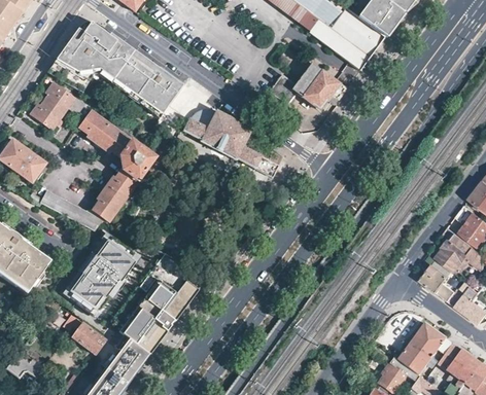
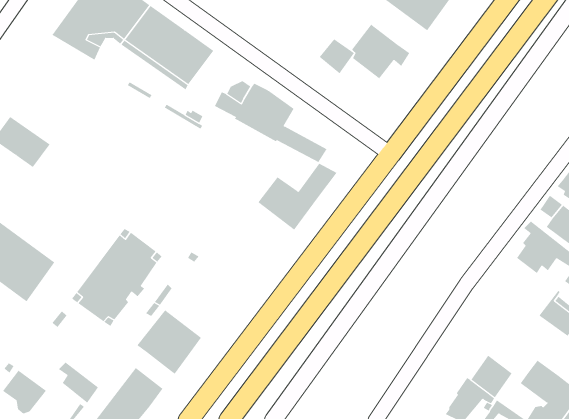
building: [34,81,84,130] -> none
building: [40,110,155,230] -> none
building: [420,263,471,306] -> none
building: [142,267,209,324] -> [257,163,337,231]
building: [72,319,106,354] -> [58,362,99,404]
building: [412,322,453,354] -> none
building: [117,336,149,366] -> none

